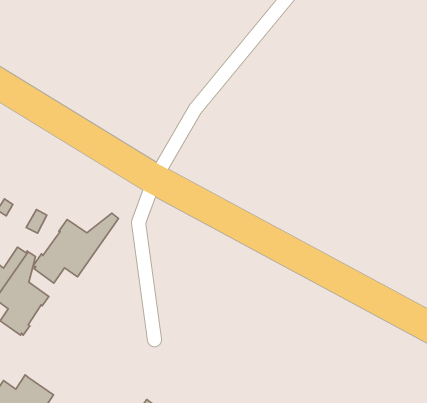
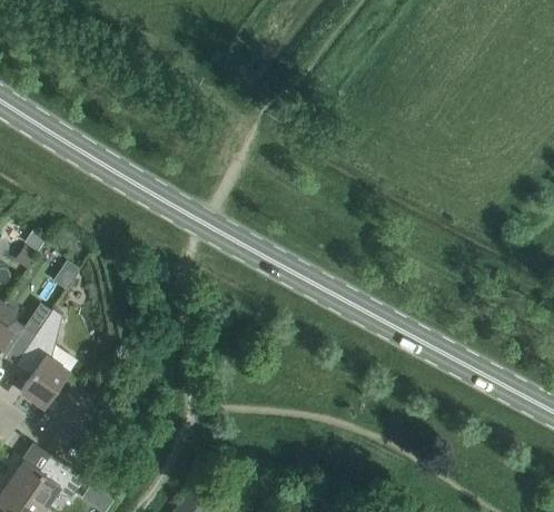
building: [33,213,118,283] -> none

